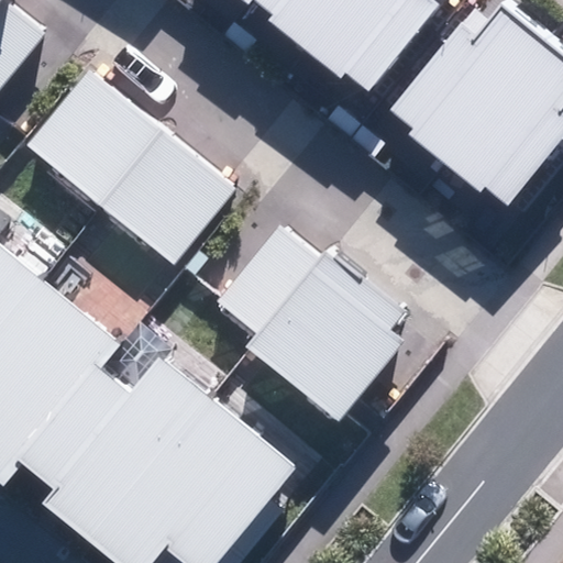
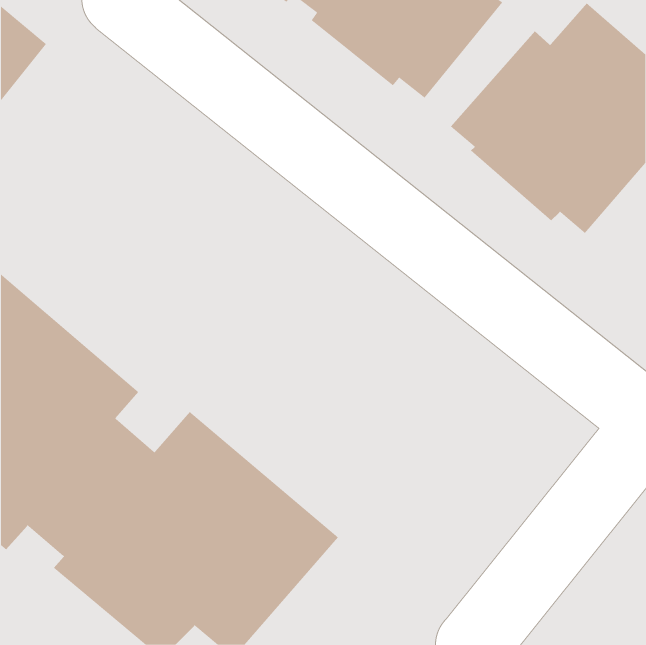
building: [20,73,233,272] -> none
building: [210,233,406,421] -> none

